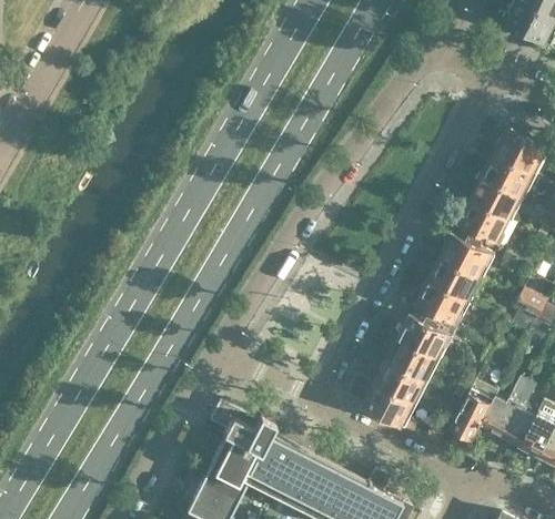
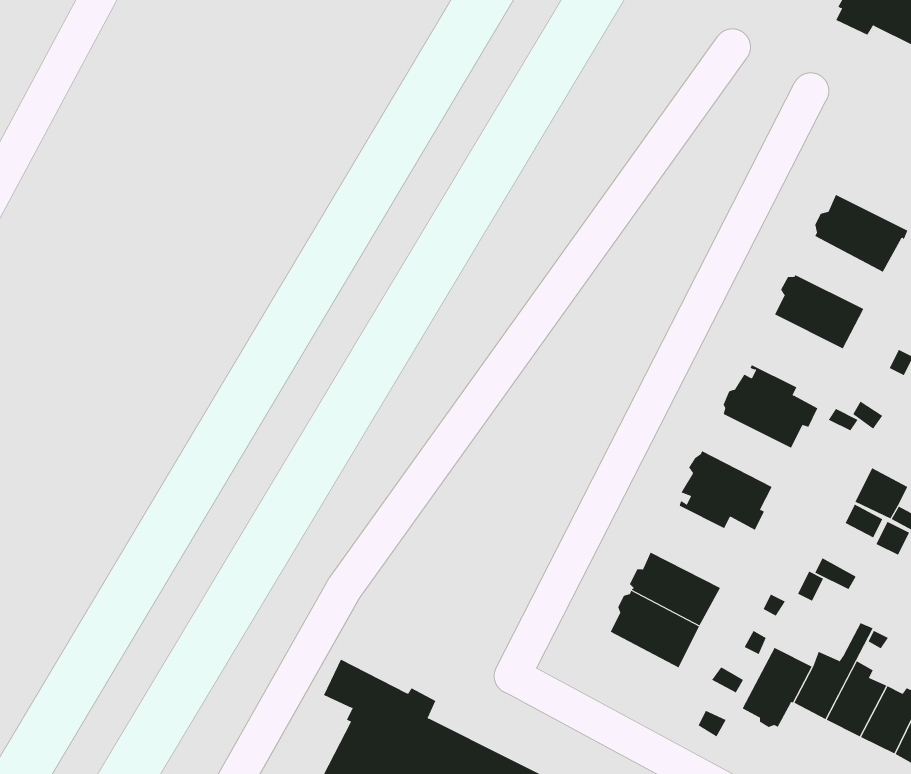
building: [483,156,535,199] -> none
building: [458,202,512,246] -> none
building: [430,260,482,302] -> none
building: [400,313,455,360] -> none
building: [364,386,416,432] -> none

